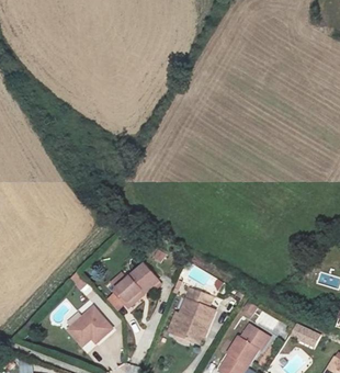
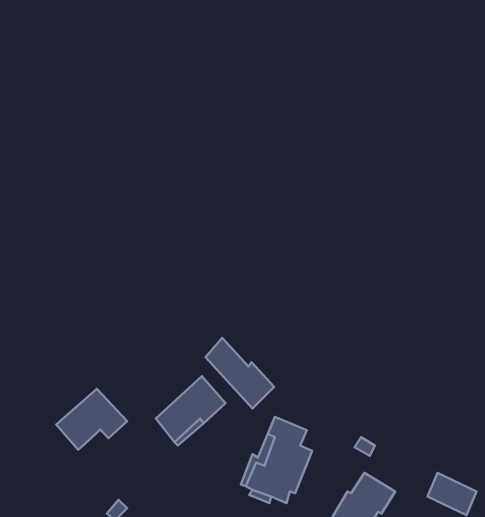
building: none -> [205,338,274,408]
building: [67,304,113,343] -> [56,389,127,450]

